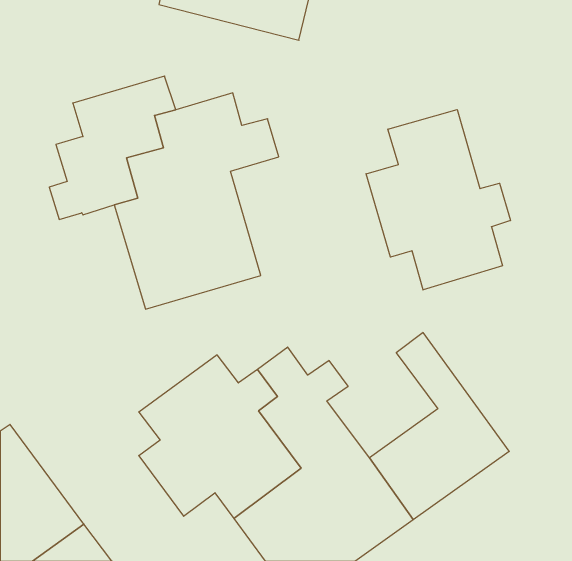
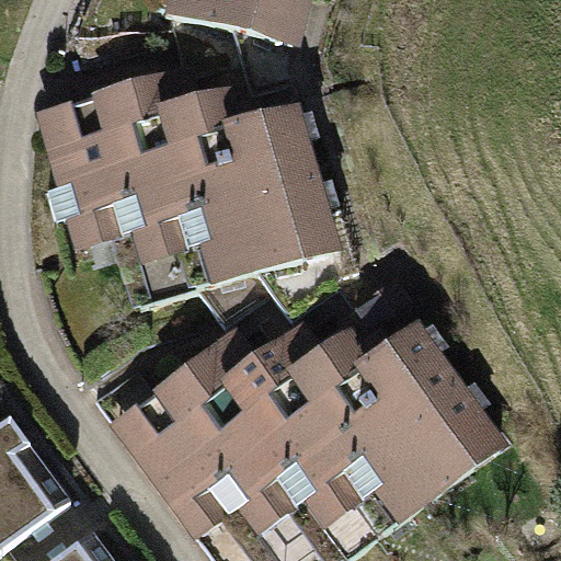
building: [366,110,510,290] -> none
building: none -> [226,107,334,270]
building: none -> [320,333,428,448]

